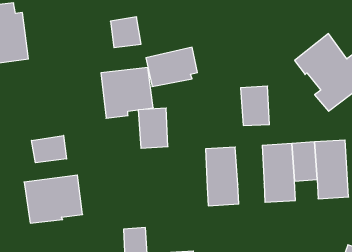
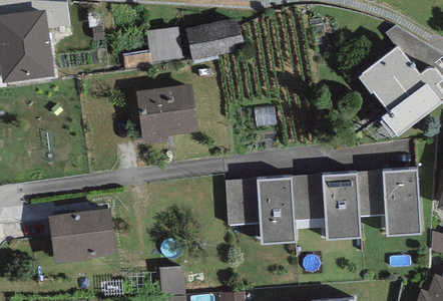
building: [146,47,197,87] -> [185,15,245,60]
building: [241,86,269,125] -> [291,174,324,219]
building: [138,108,168,148] -> [225,178,259,224]
building: [32,135,67,163] -> none

